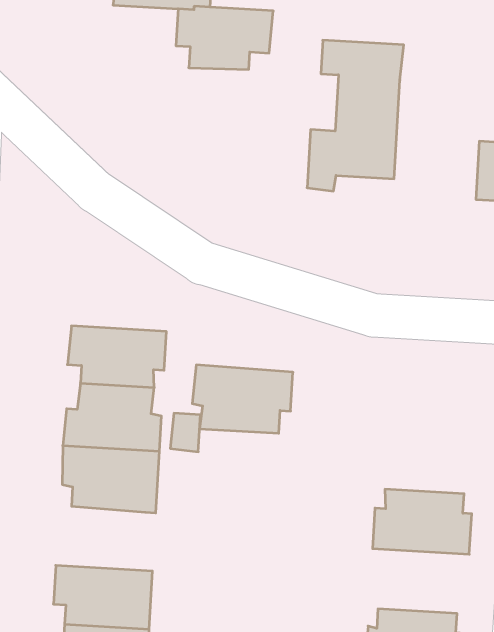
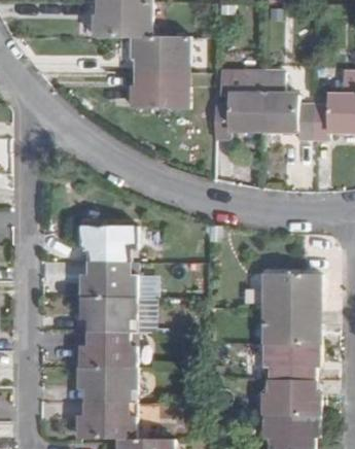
building: none -> [132,71,187,108]
building: none -> [263,72,312,139]
building: [192,365,293,433] -> [263,274,321,311]
building: none -> [79,332,136,367]
building: none -> [262,346,320,381]

